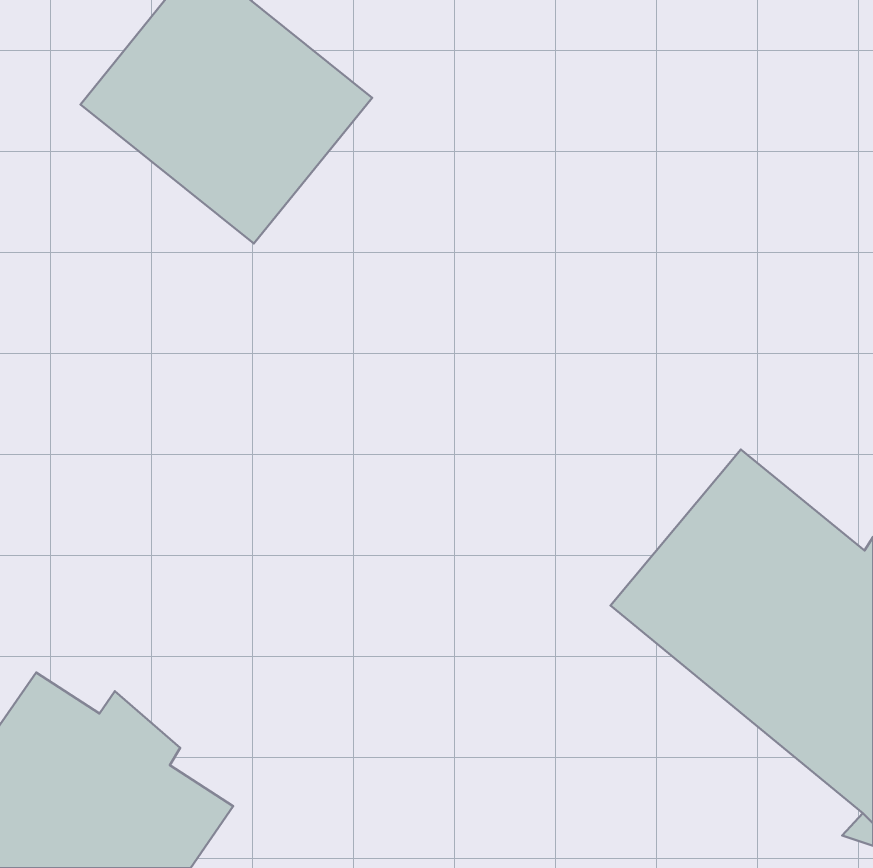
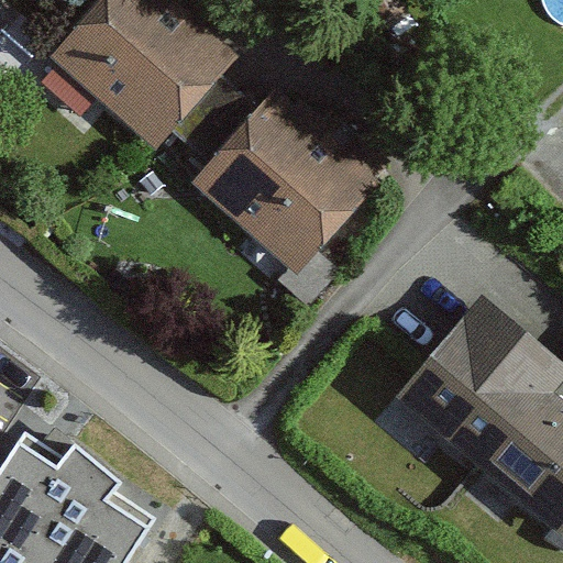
building: none -> [197,100,388,279]

